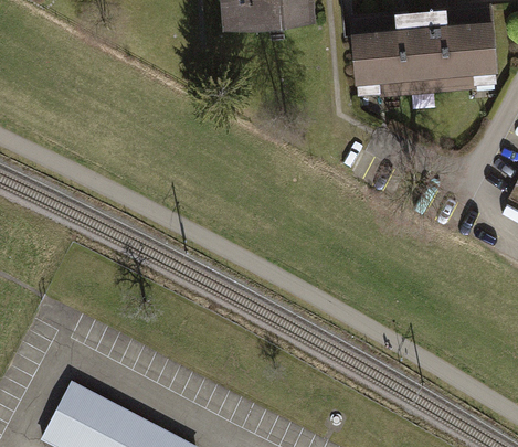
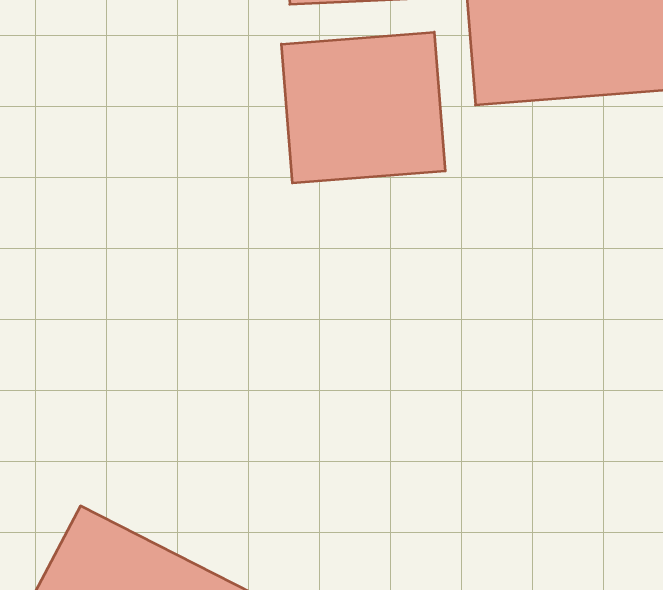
building: none -> [281,32,445,183]

